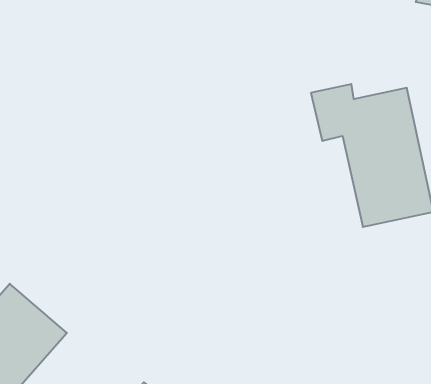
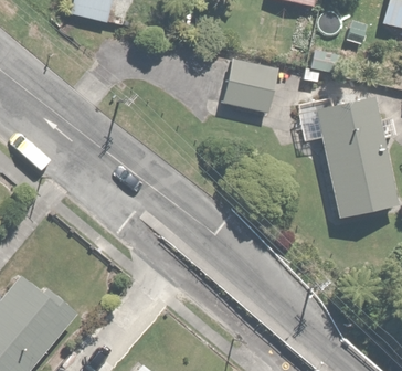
building: none -> [226,60,277,110]

